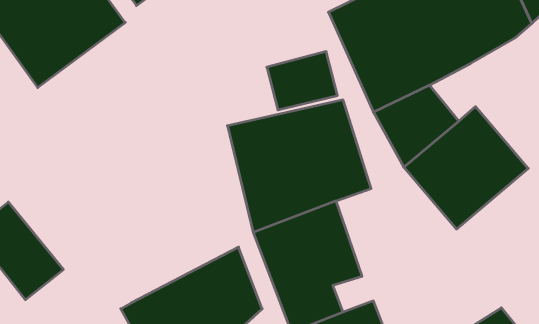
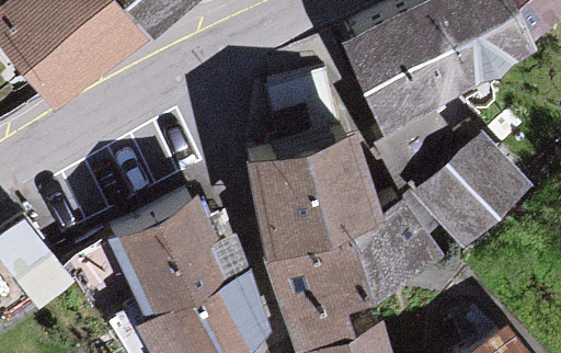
building: none -> [106,191,250,320]
building: none -> [345,197,447,294]

